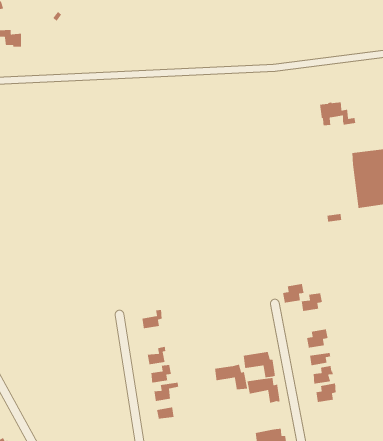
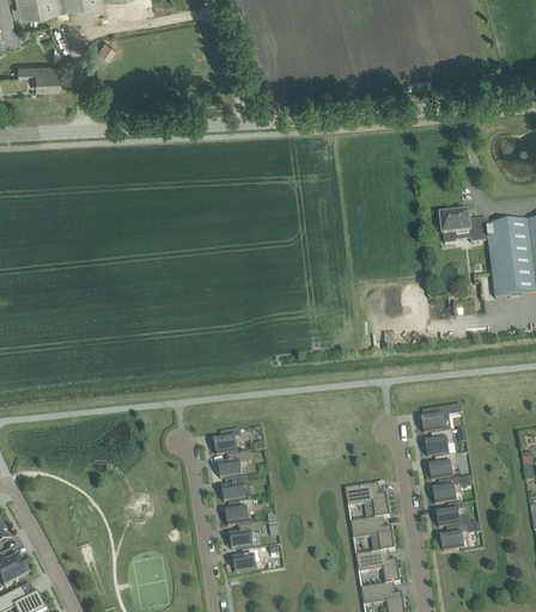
building: [319,101,356,126] -> [439,210,487,243]
building: [282,283,304,303] -> [424,428,452,454]
building: none -> [217,449,251,477]
building: [214,364,248,390] -> [355,547,400,582]

